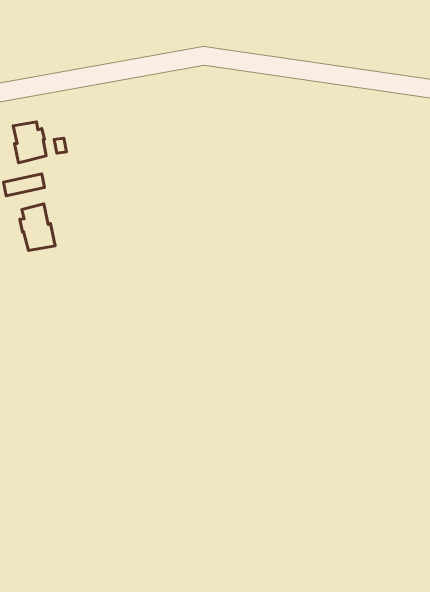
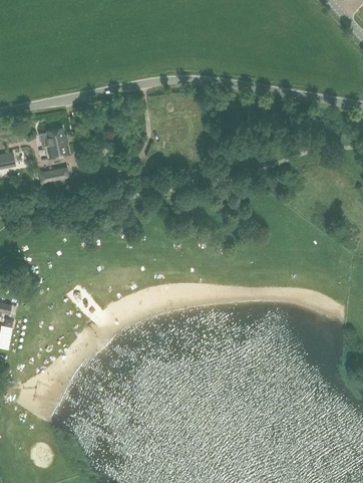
building: [20,204,55,250] -> none

